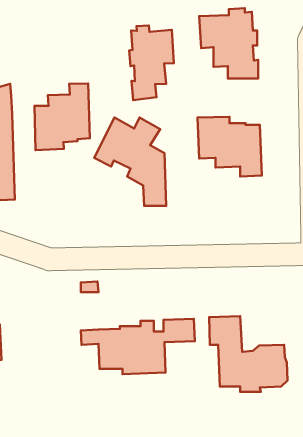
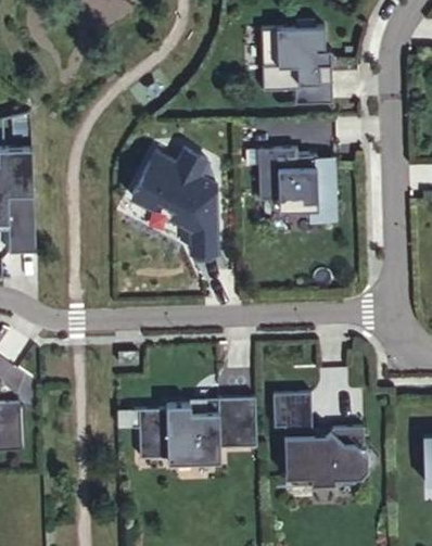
building: [129,25,174,100] -> none
building: [34,83,90,150] -> none

